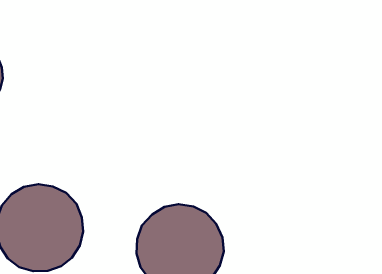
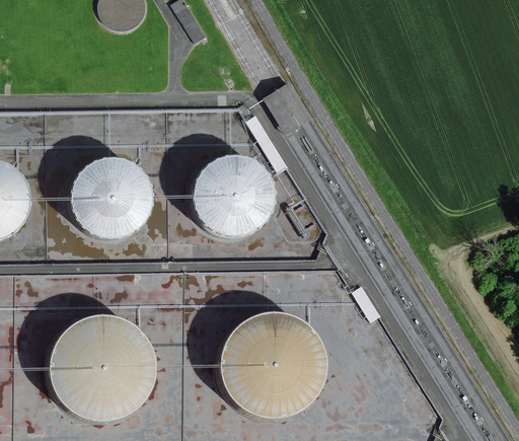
building: none -> [70,159,150,238]
building: none -> [194,156,274,236]

